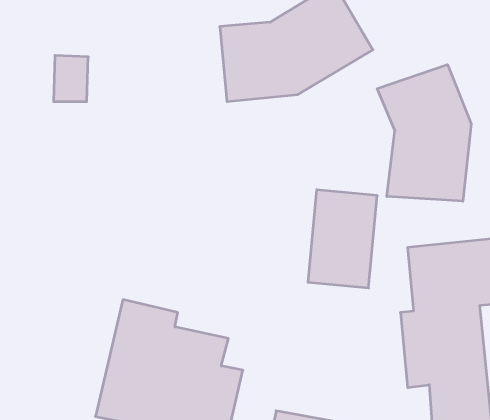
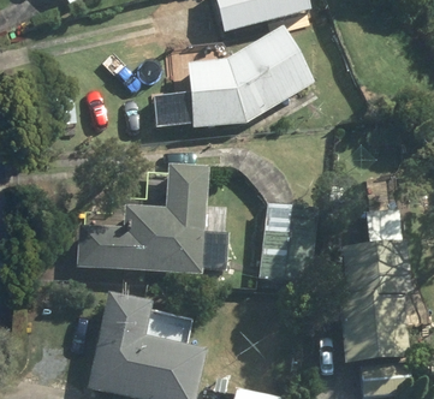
building: [377,65,471,201] -> none
building: none -> [75,163,227,274]

